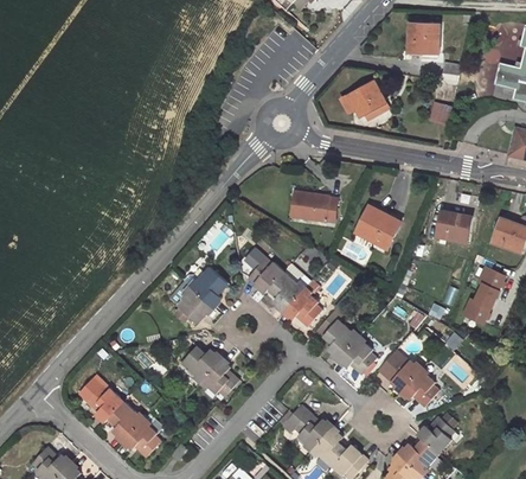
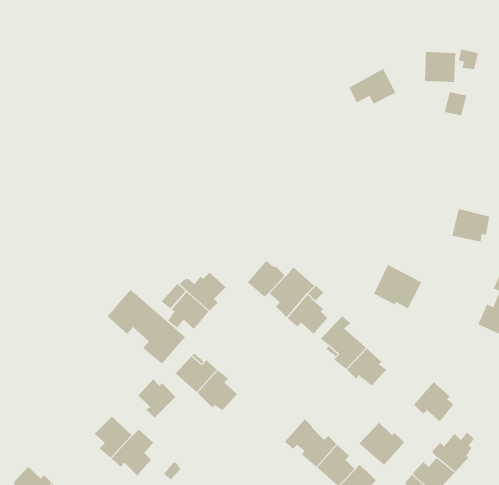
building: [408,25,437,53] -> [424,51,456,82]
building: [290,193,338,221] -> none
building: [355,205,400,247] -> [373,264,422,309]
building: none -> [107,289,186,365]
building: [377,350,419,390] -> [359,422,405,466]
building: [88,384,123,421] -> [138,379,176,419]

